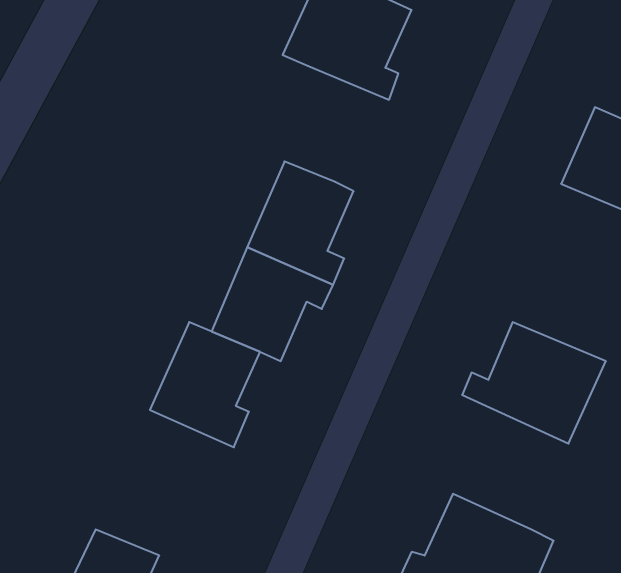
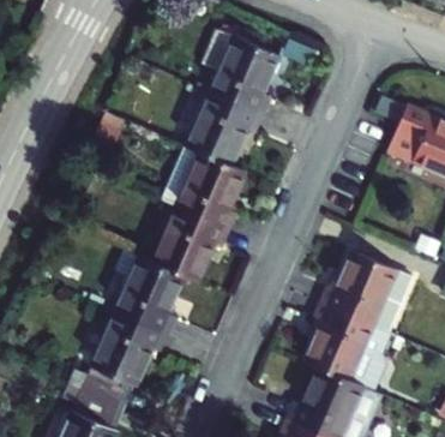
building: none -> [196,80,272,155]
building: none -> [306,292,387,378]
building: none -> [84,301,173,395]

